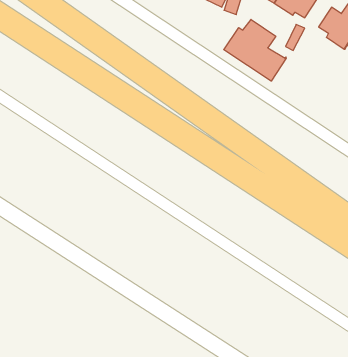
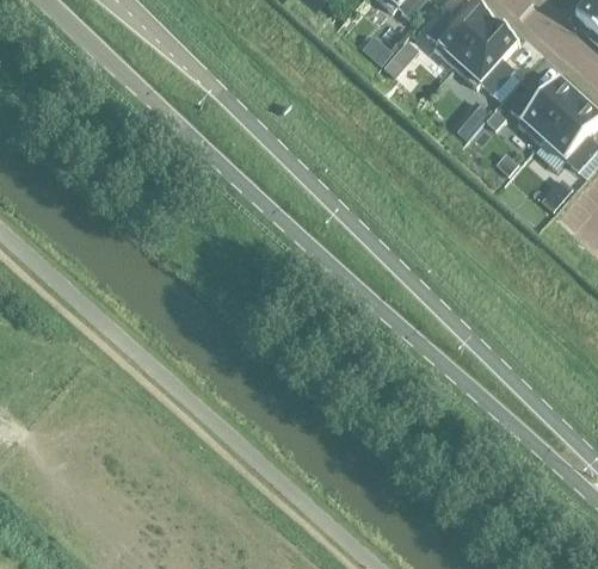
building: [224,19,286,81] -> none

